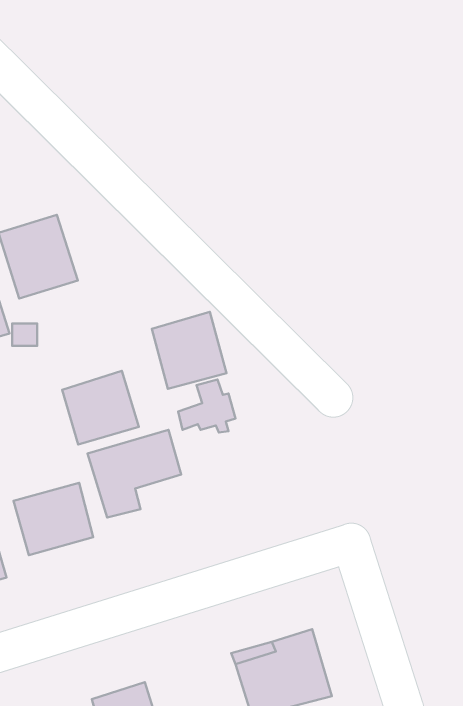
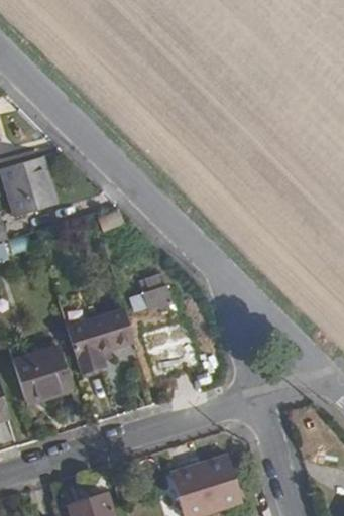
building: [152,312,227,389] -> none
building: [62,371,139,445] -> none

